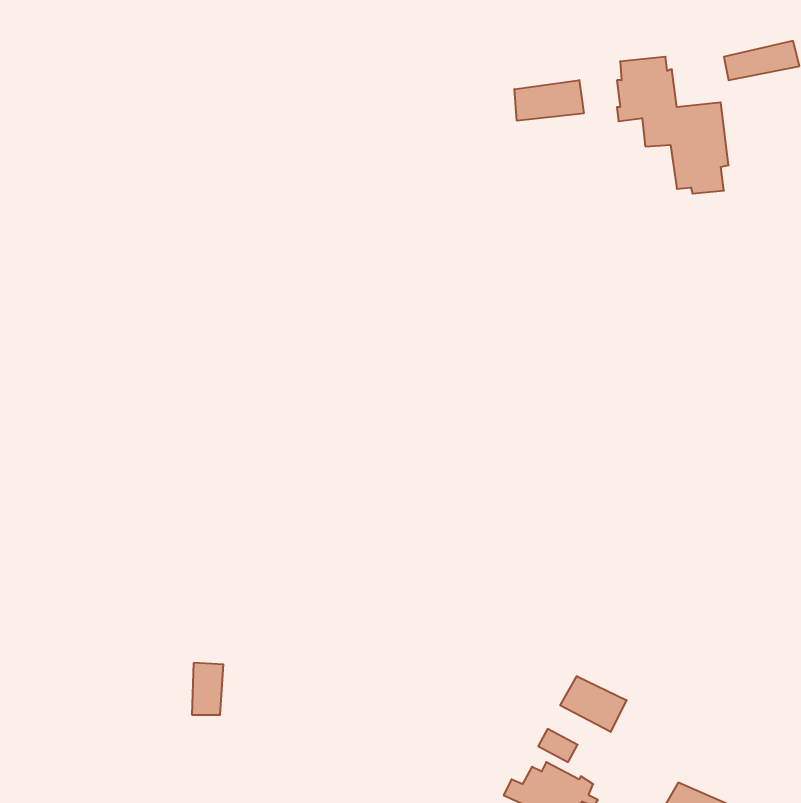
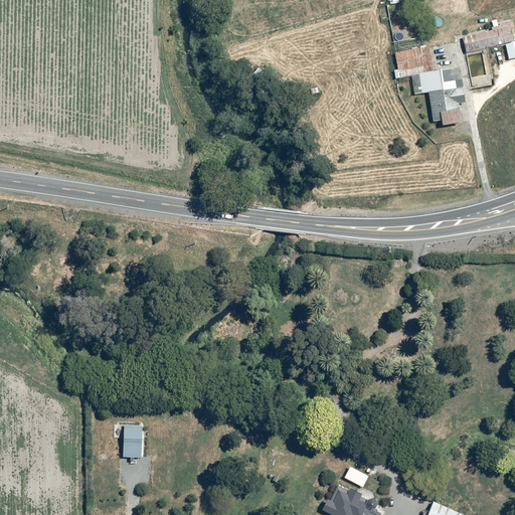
building: [514,80,584,121] -> none
building: [560,676,627,732] -> none

